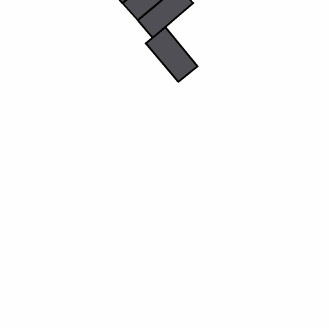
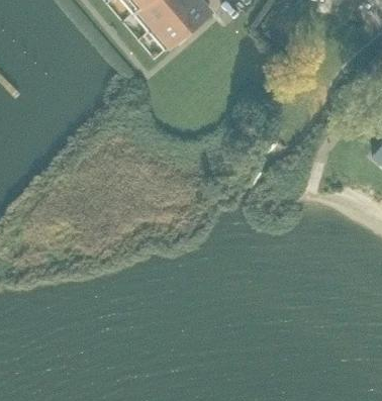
building: [146,27,198,82] -> none

